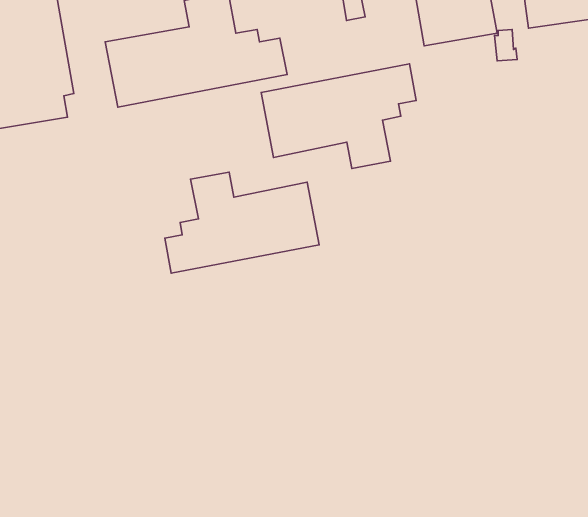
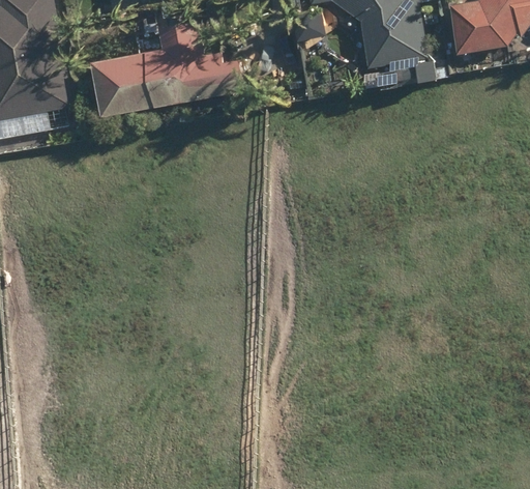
building: [261,64,416,168] -> none
building: [165,172,319,273] -> none

